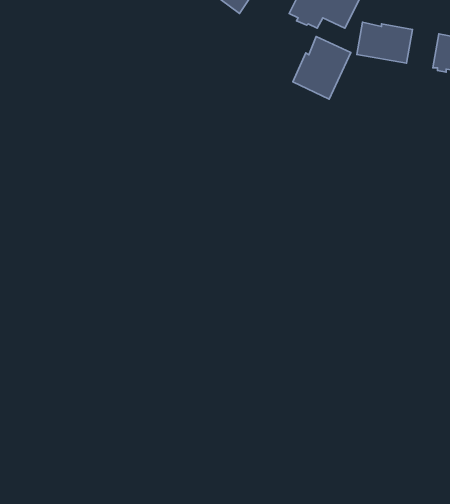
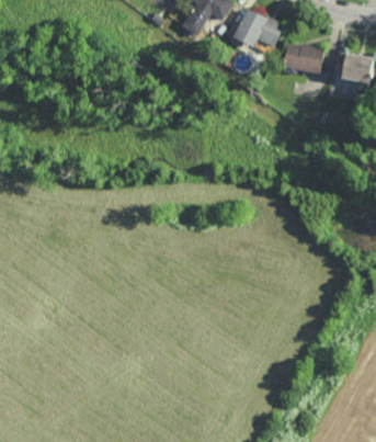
building: [293,36,351,99] -> none

